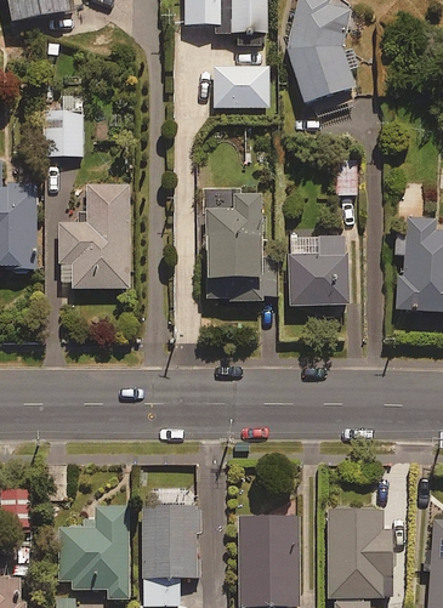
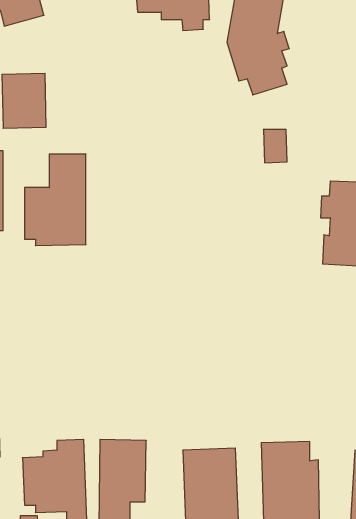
building: [212,64,268,107] -> none
building: [208,191,277,303] -> none
building: [289,234,350,305] -> none

